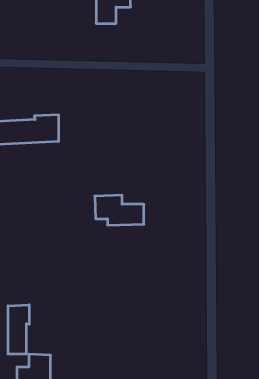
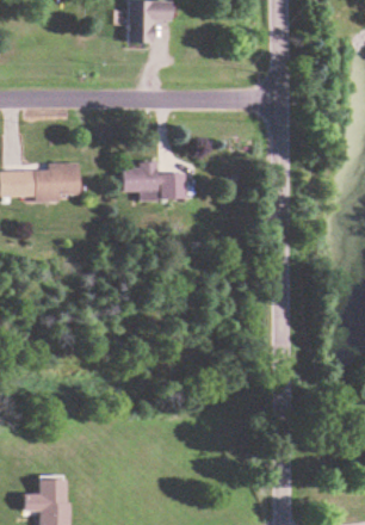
building: [95,195,144,225] -> [122,161,186,200]
building: [8,305,29,354] -> none

